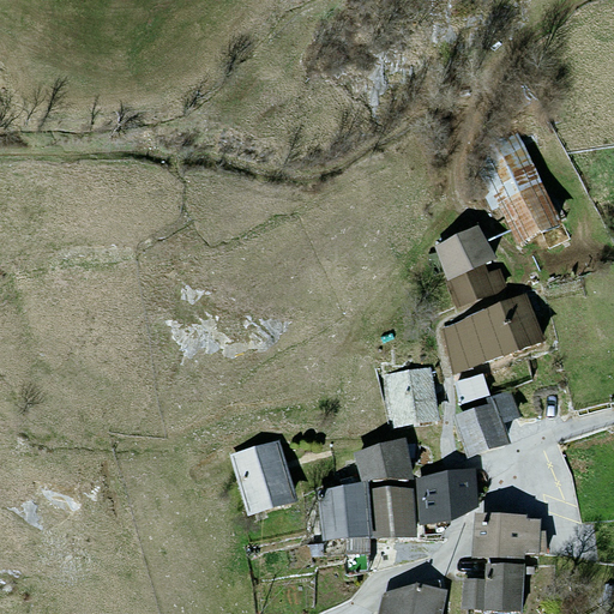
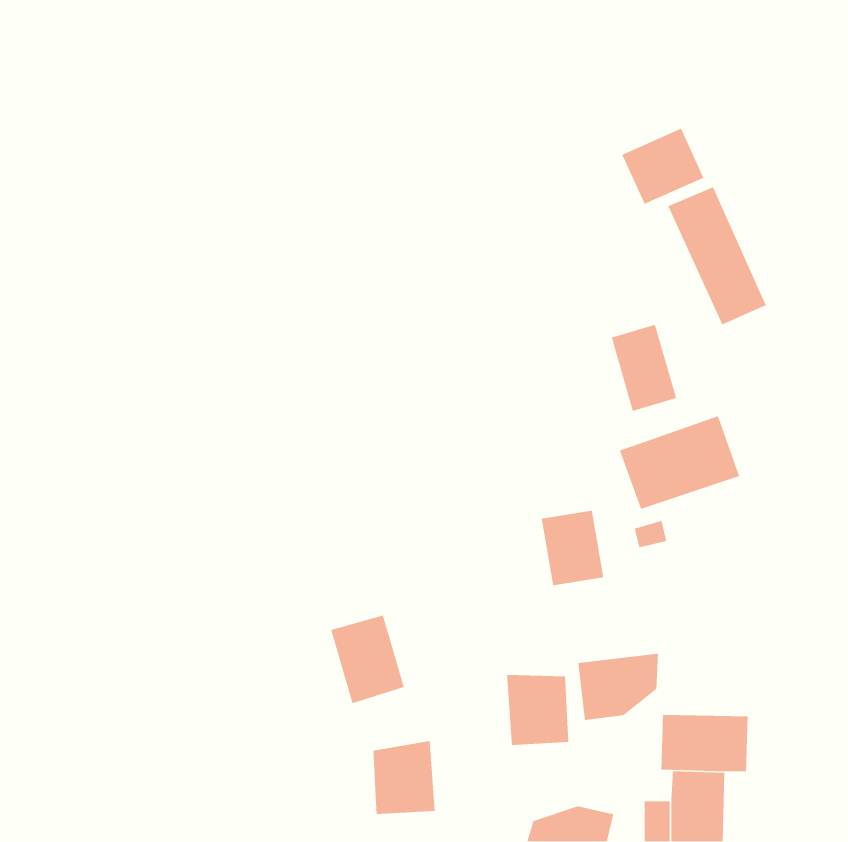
building: none -> [621,128,705,205]
building: [458,396,520,453] -> none
building: [360,441,410,480] -> none
building: [324,487,369,541] -> [372,740,435,815]

